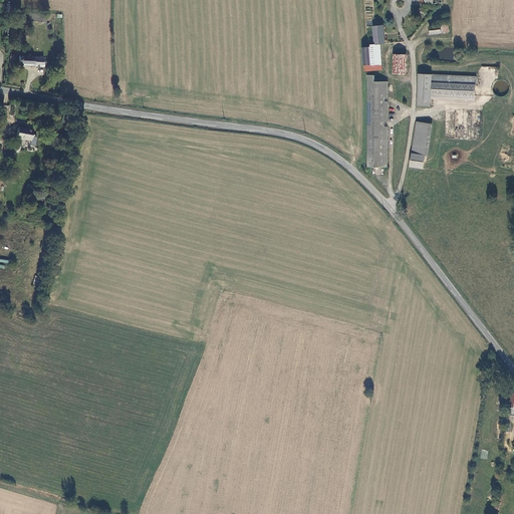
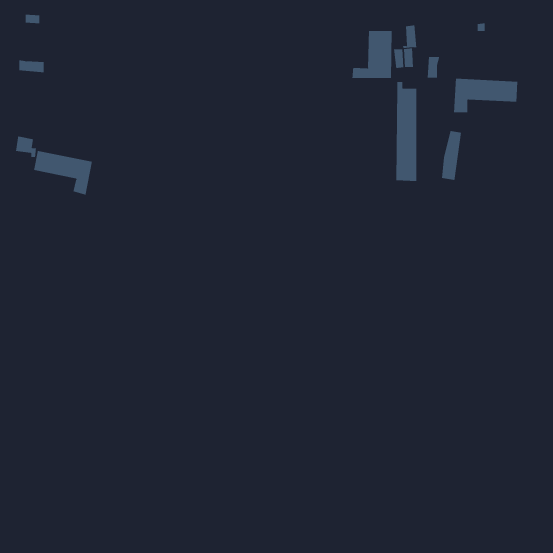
building: none -> [352,30,392,79]
building: none -> [33,150,92,195]

